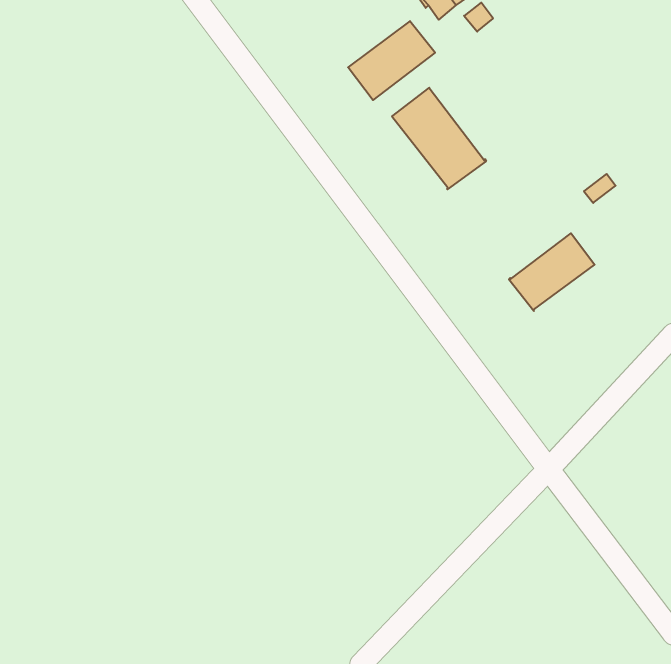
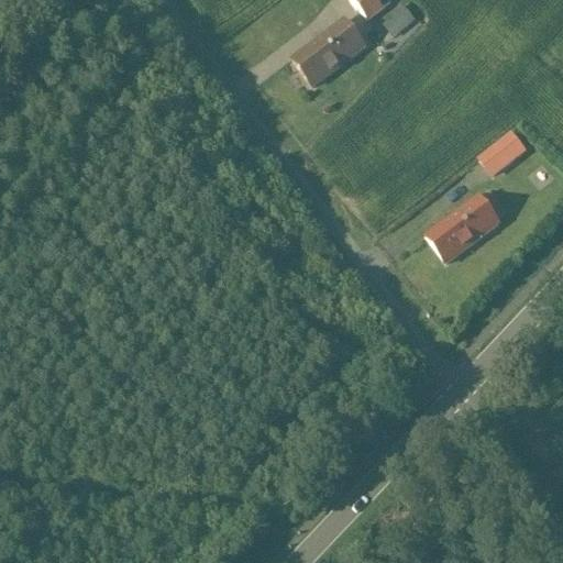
building: [392,88,486,189] -> none

